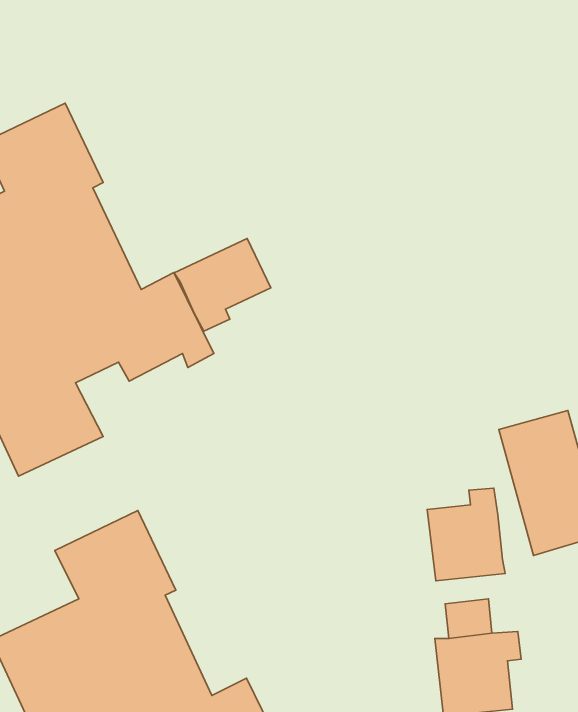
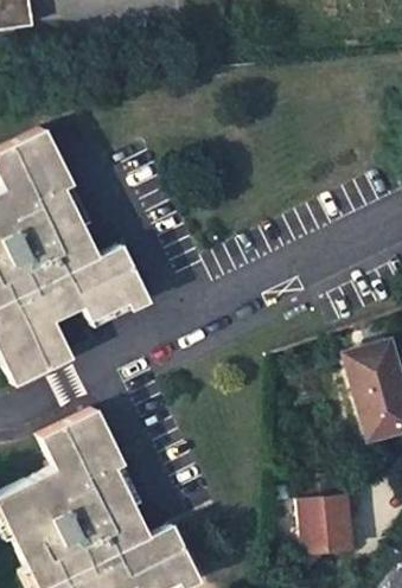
building: [174,238,271,331] -> none
building: [427,488,505,581] -> none

